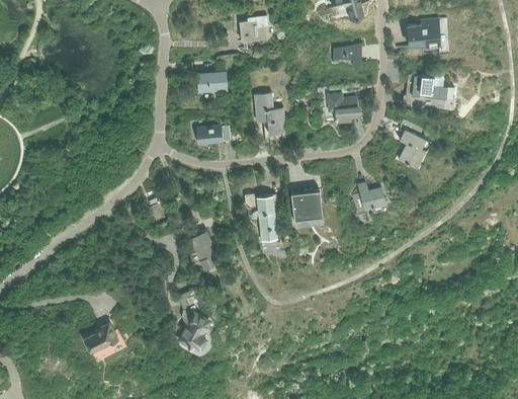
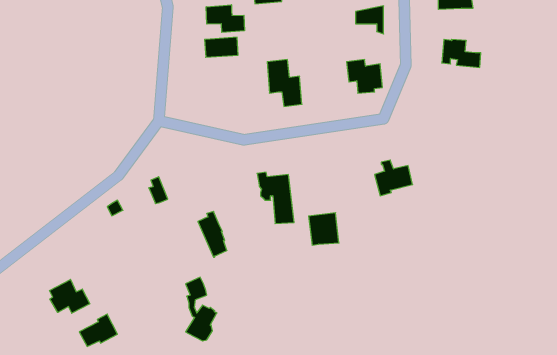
building: none -> [206,5,244,32]
building: [399,119,427,169] -> none
building: [197,126,231,144] -> none
building: [292,191,320,221] -> [309,213,339,245]
building: none -> [50,279,90,313]

